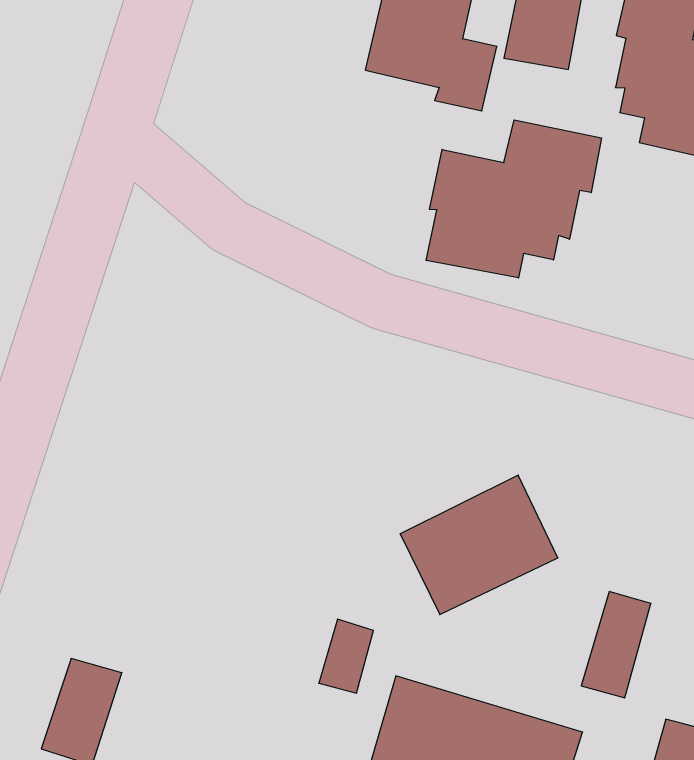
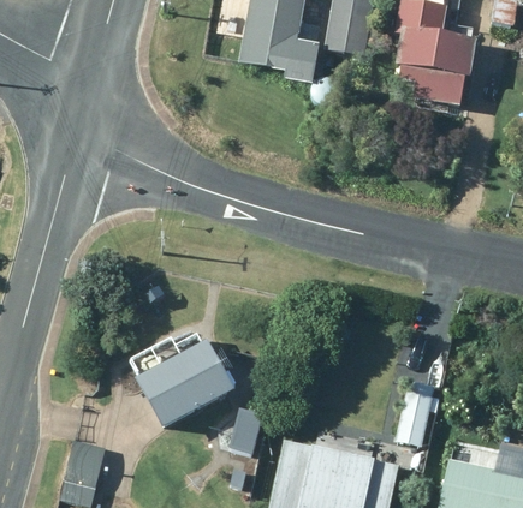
building: [426,120,601,278] -> none
building: [400,475,558,615] -> [136,336,236,426]

